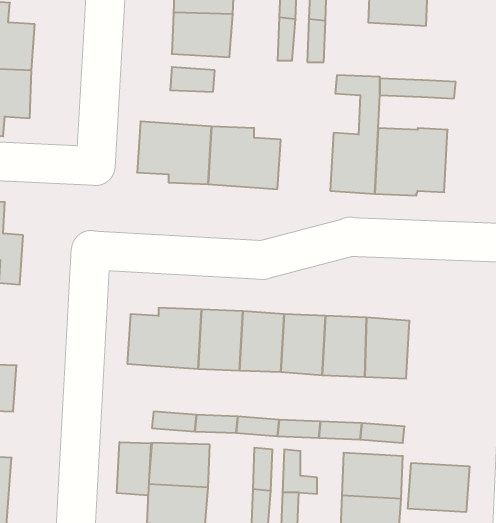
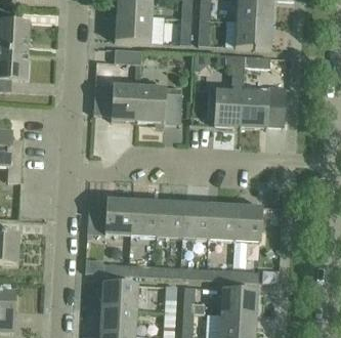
building: none -> [235,19,272,47]
building: [117,442,151,495] -> none
building: [408,463,469,512] -> none

